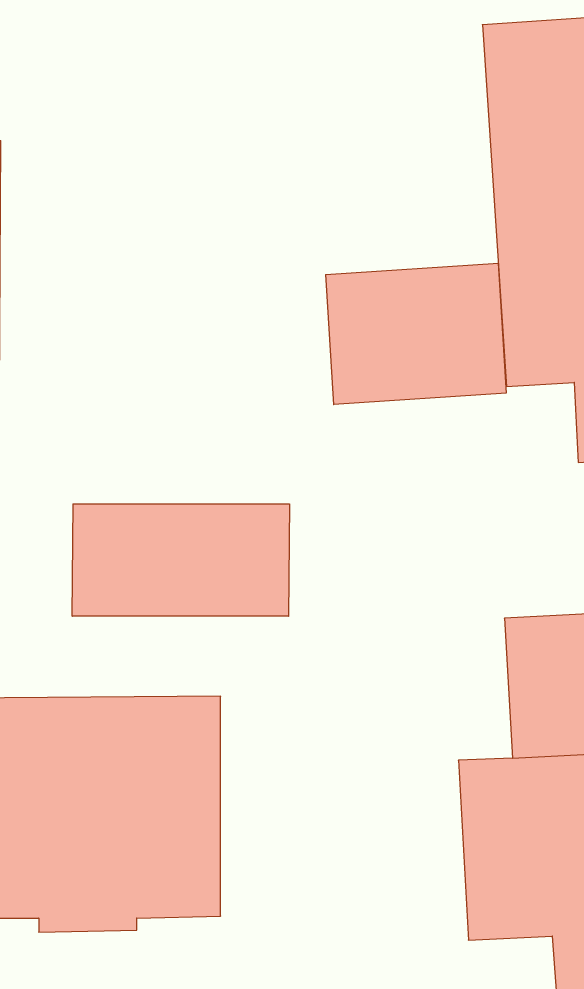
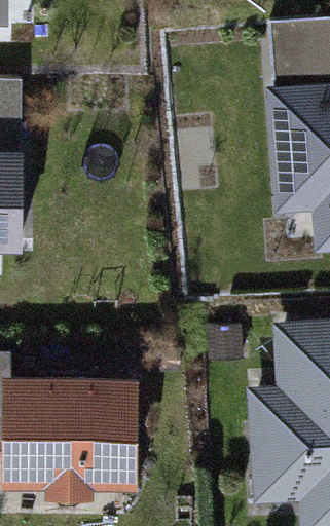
building: [326,263,506,405] -> none
building: [72,504,289,616] -> none

